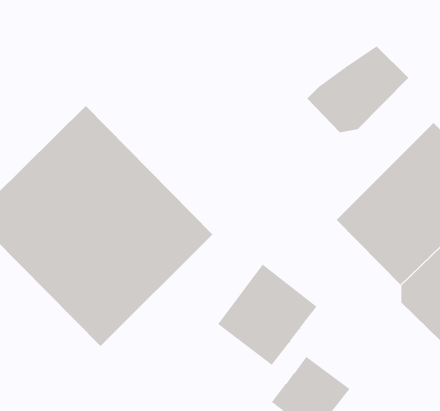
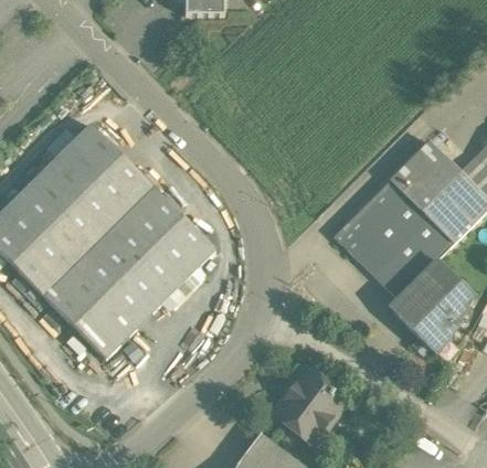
building: [306,45,409,133] -> none
building: [217,263,318,366] -> none

